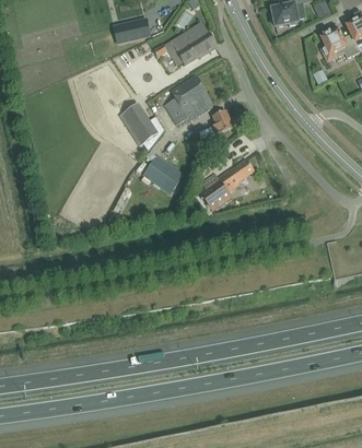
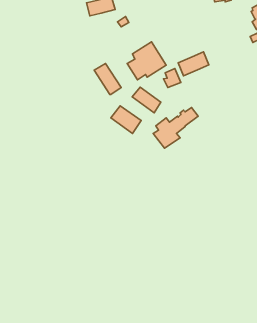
building: [173,30,217,63] -> none
building: none -> [178,52,209,76]
building: none -> [132,87,161,113]

